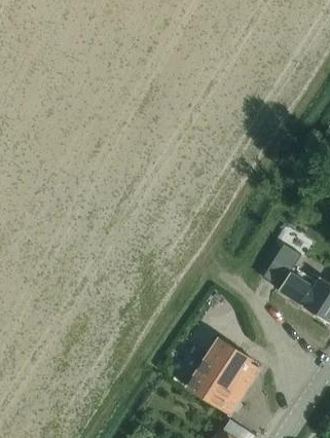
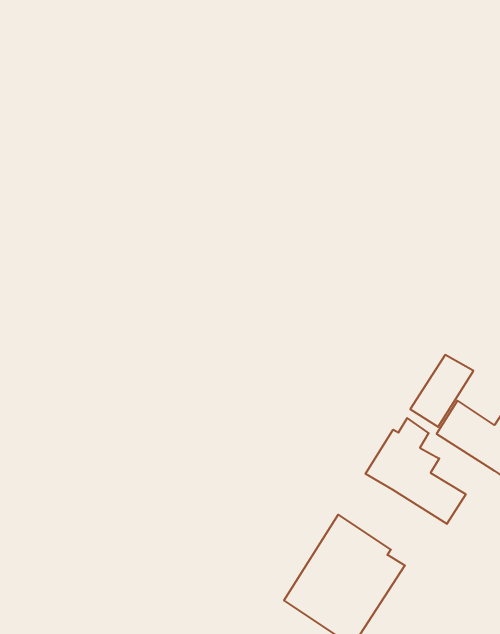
building: none -> [366,418,466,524]

